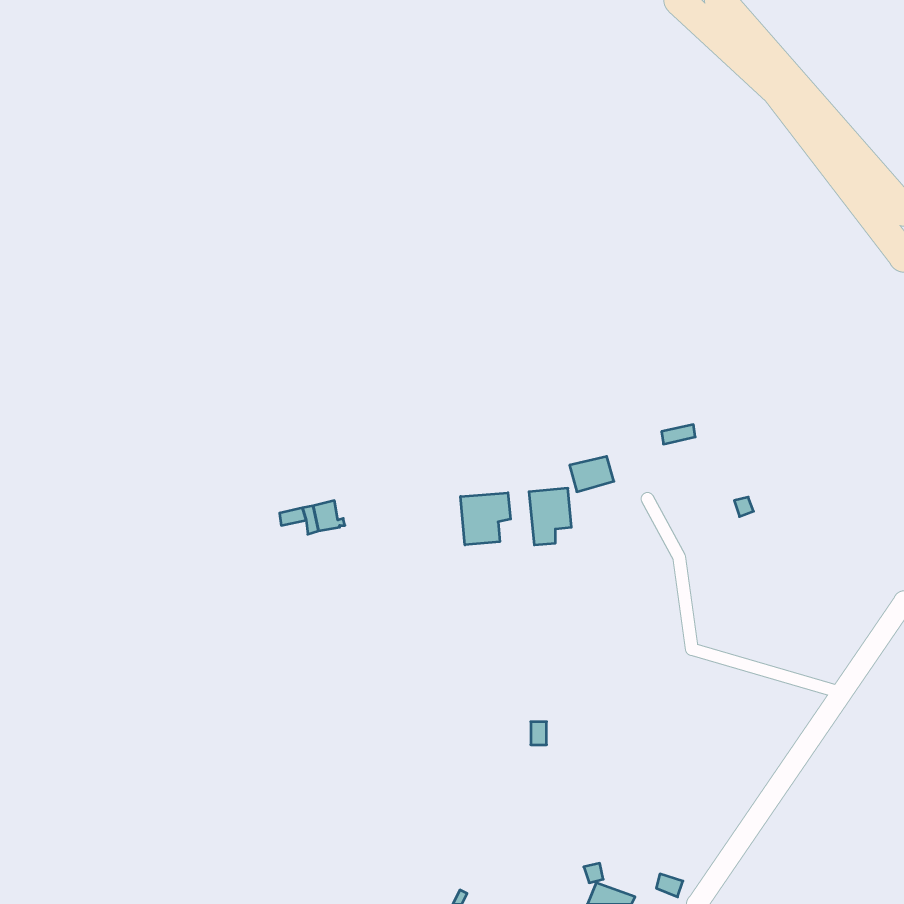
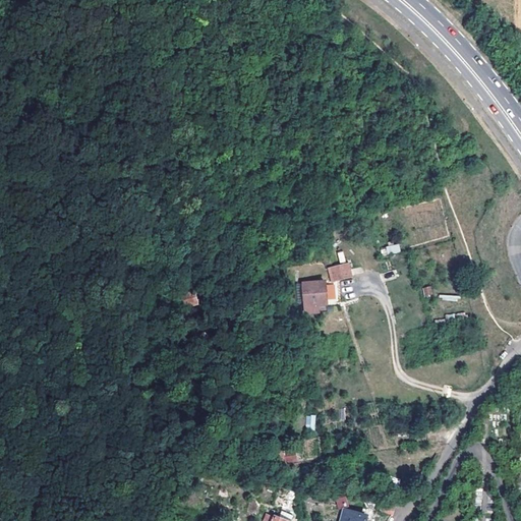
building: [461,493,511,545] -> none

